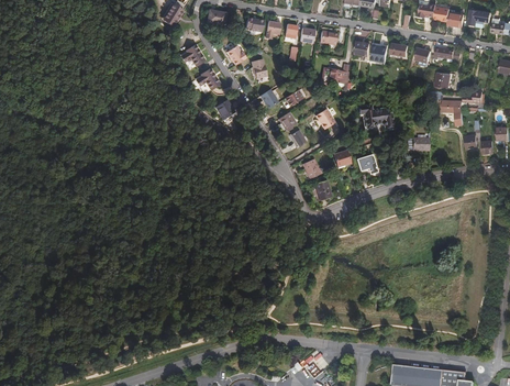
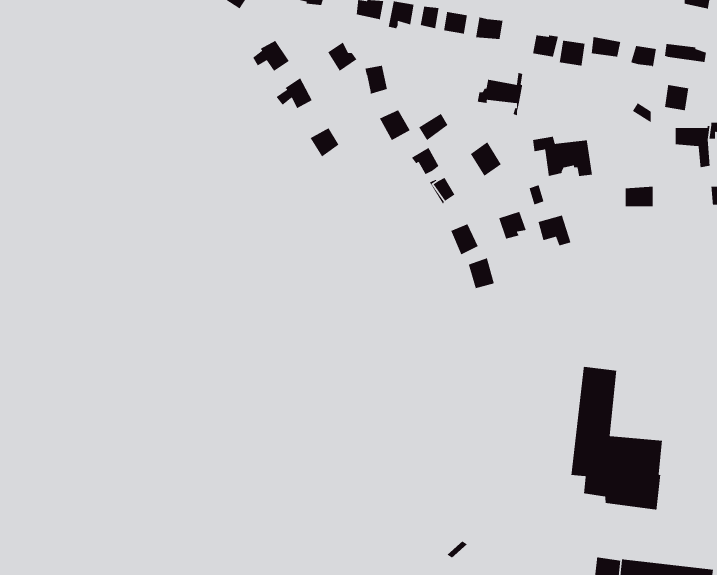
building: none -> [570,366,663,510]

